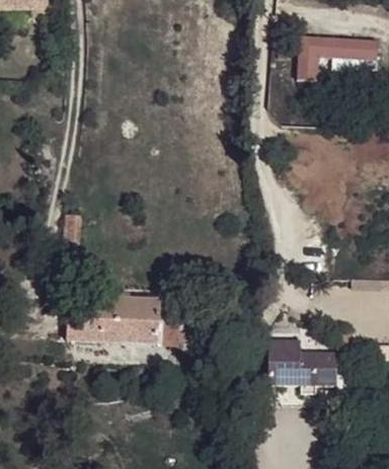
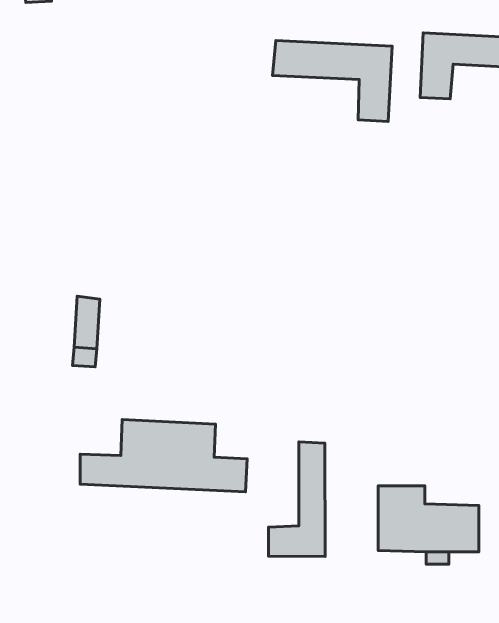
building: none -> [272,41,392,121]
building: none -> [268,442,325,556]

